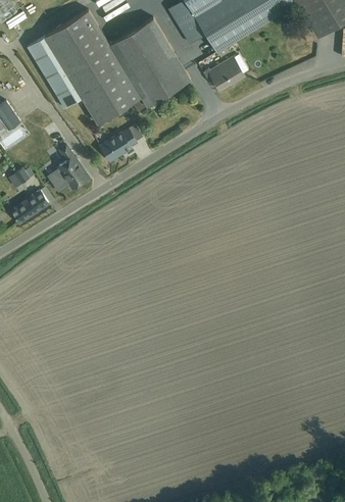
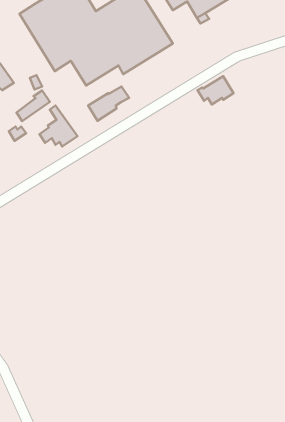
building: [203,56,242,87] -> [197,76,234,105]
building: [11,190,47,222] -> [17,90,50,121]

